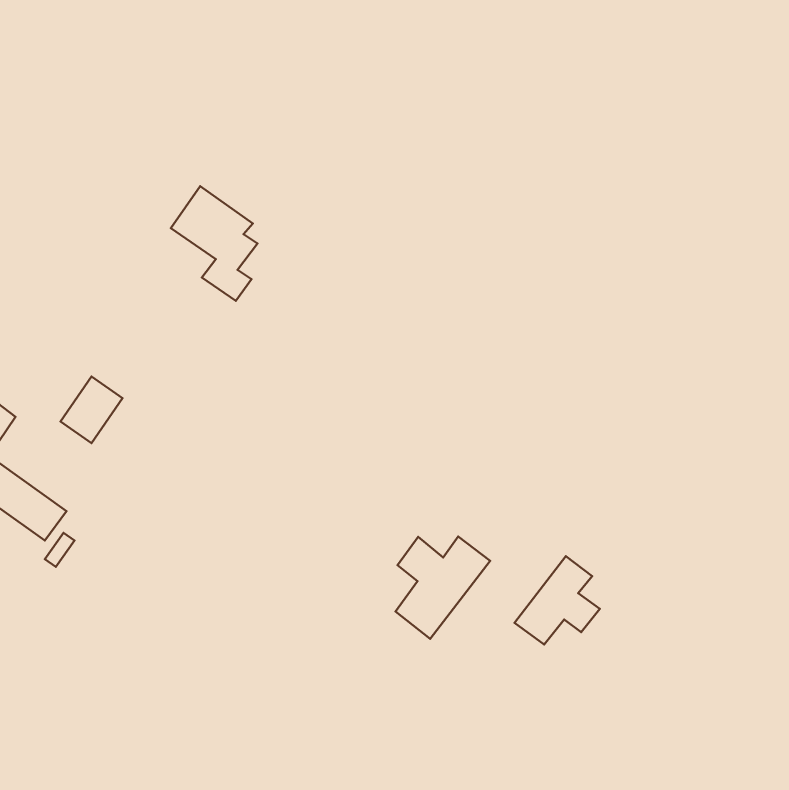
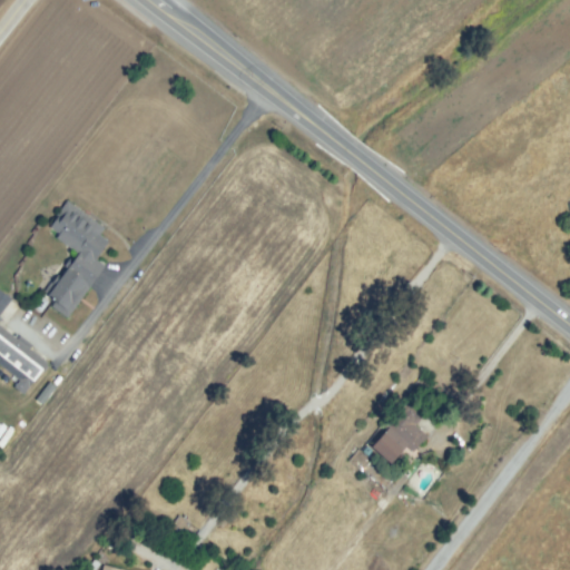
building: [171,186,258,301] -> [46,202,108,284]
building: [395,536,490,639] -> none

